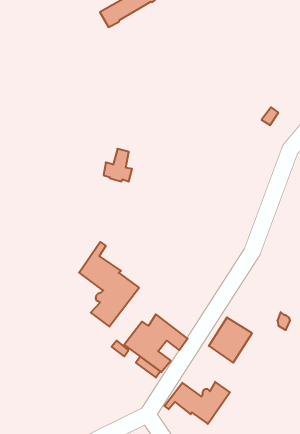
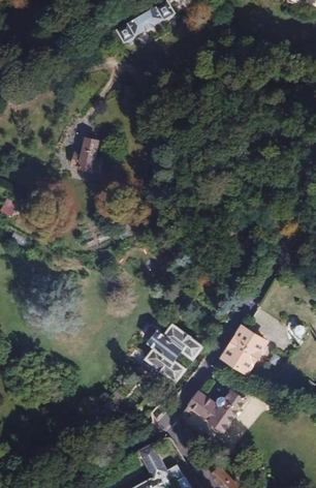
building: [104,149,132,181] -> [73,138,101,170]
building: [79,242,139,327] -> none

